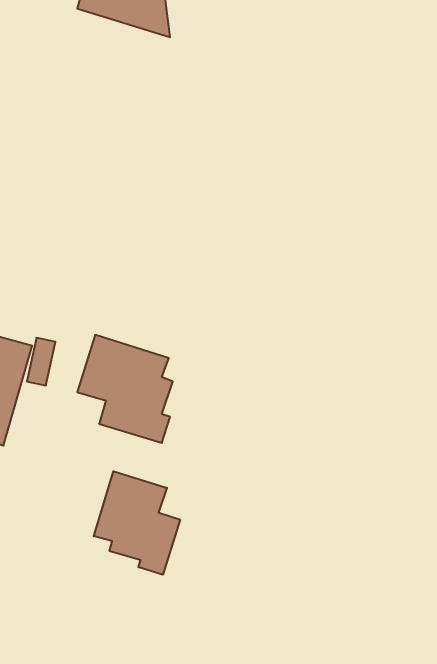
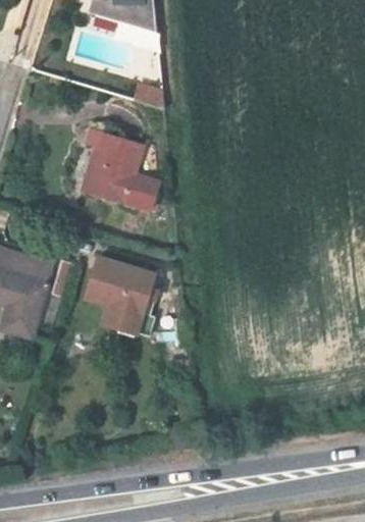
building: none -> [81,128,158,211]
building: [94,471,180,575] -> none

